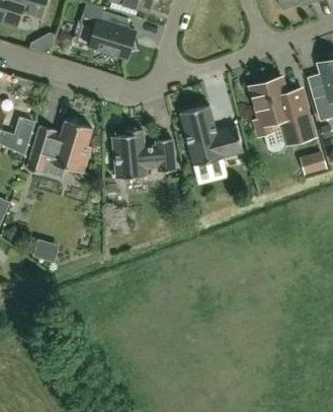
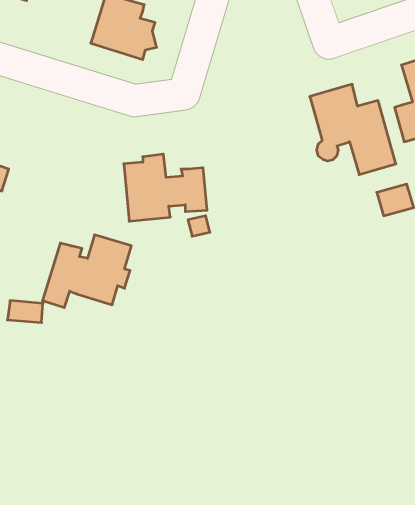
building: [179,105,243,165] -> none
building: [26,120,92,174] -> [42,235,131,308]

